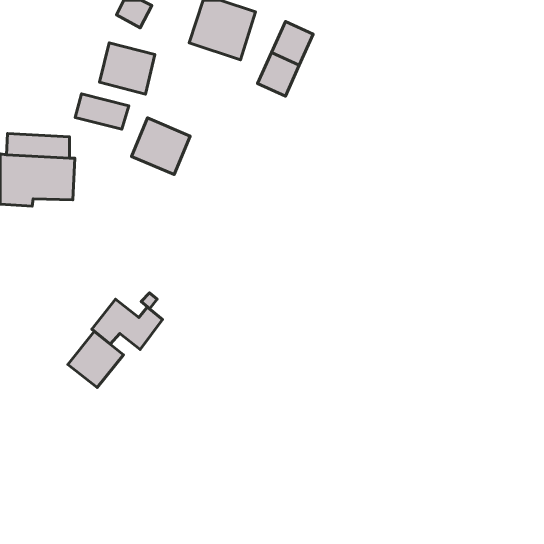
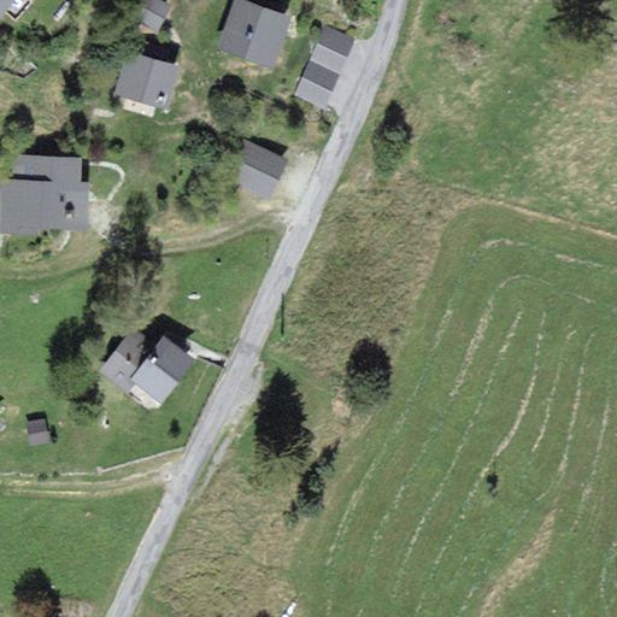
building: [75,94,129,129] -> none
building: [131,118,190,175] -> [223,139,289,202]
building: [68,332,123,388] -> none

